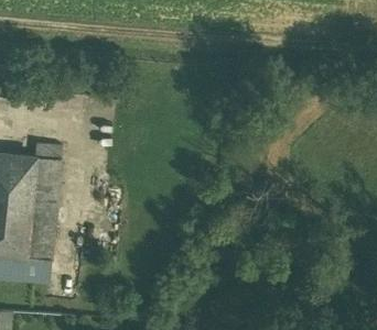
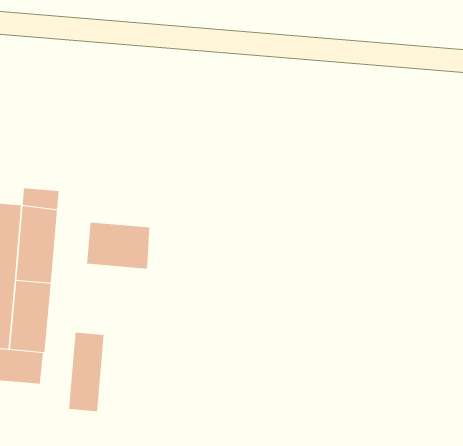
building: none -> [87,222,150,270]
building: none -> [69,332,104,412]

